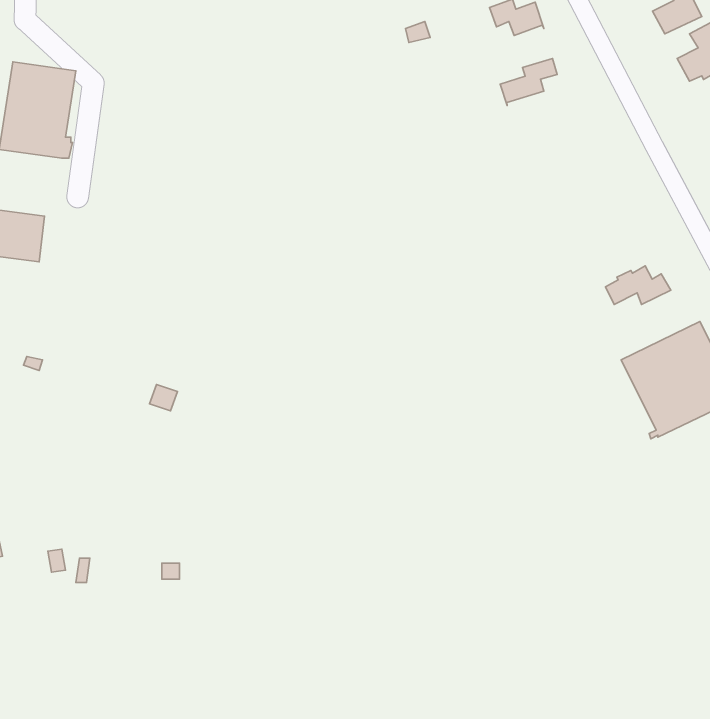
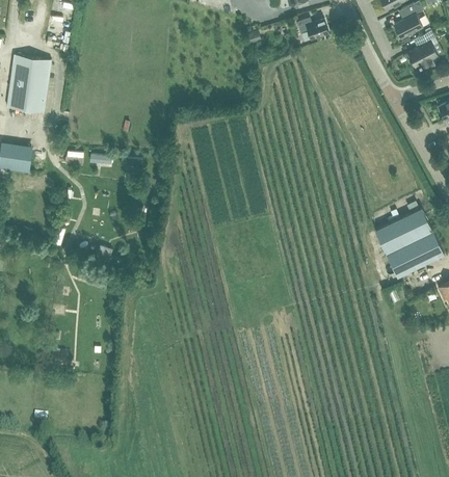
building: [500,58,557,106] -> none
building: [606,266,671,304] -> none

